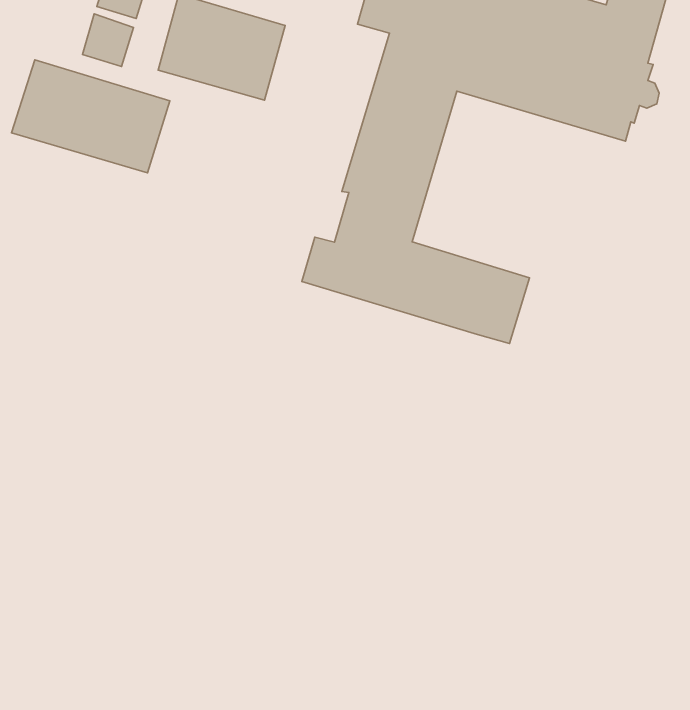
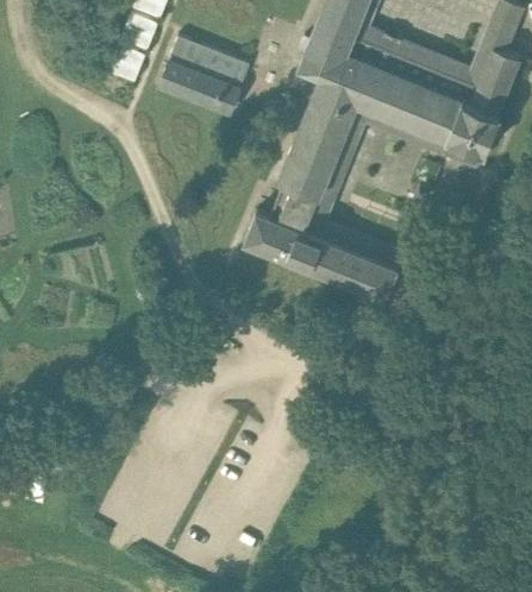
building: [11,60,170,173] -> none

